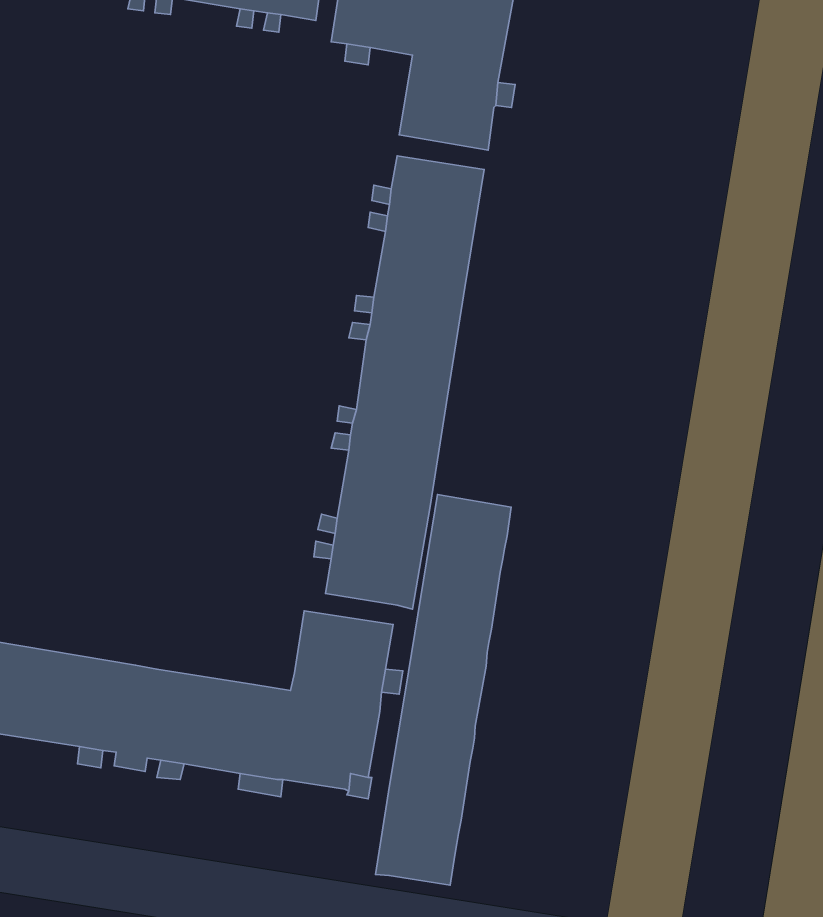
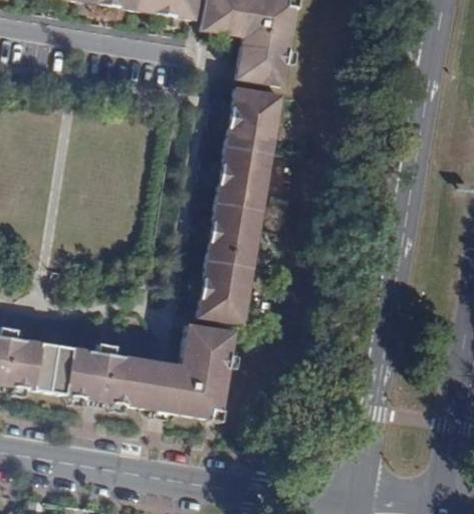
building: [376,495,511,885] -> none

